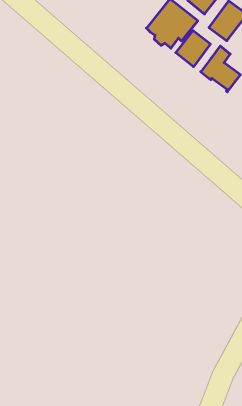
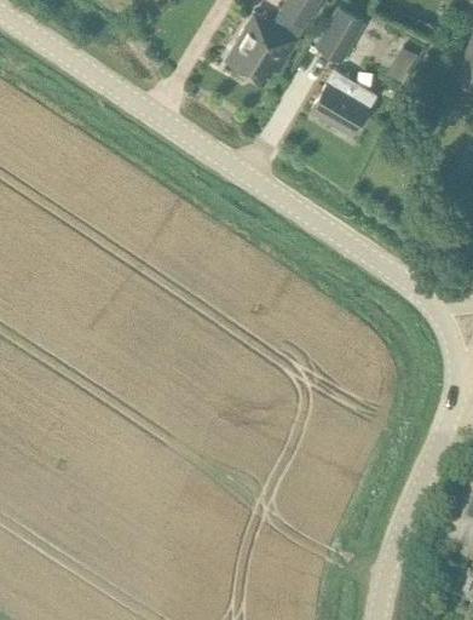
building: [176,31,210,67] -> none

